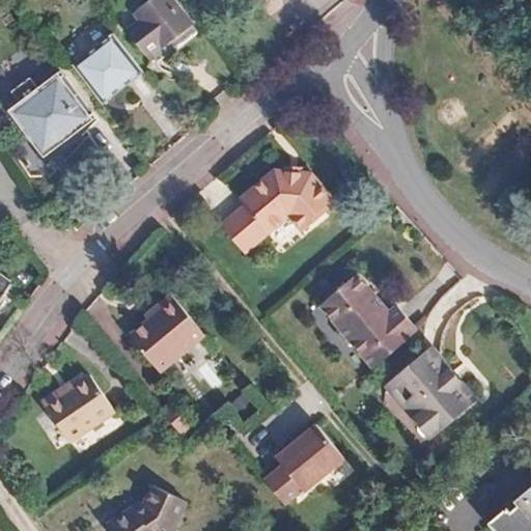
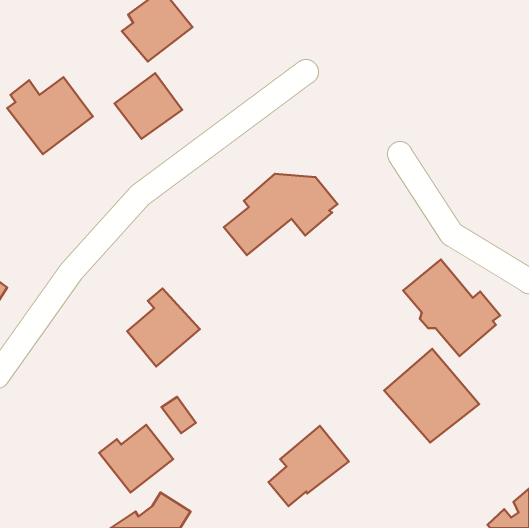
building: [71,39,138,105] -> [115,73,182,139]
building: [315,271,412,367] -> [403,259,500,356]
building: [44,371,117,439] -> [99,425,173,492]

